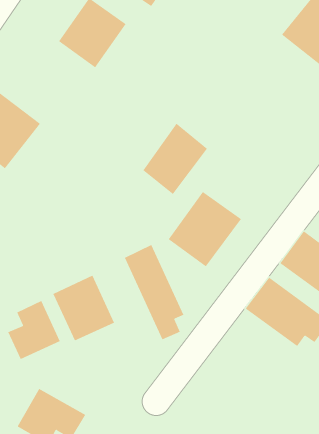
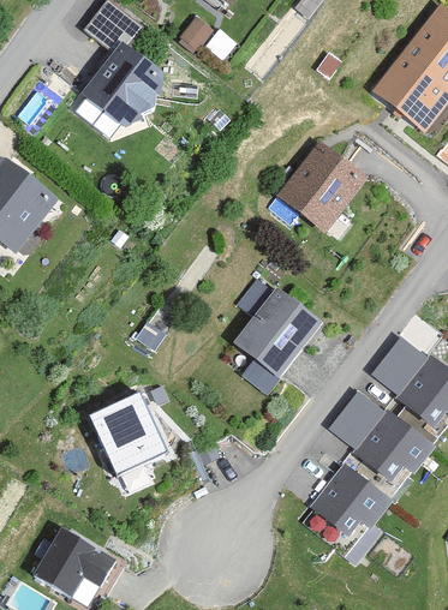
building: [142,123,208,195] -> [285,143,366,233]
building: [124,244,184,340] -> none
building: [8,300,60,360] -> none
building: none -> [299,462,388,562]

